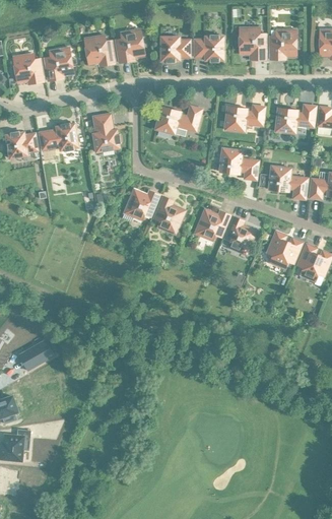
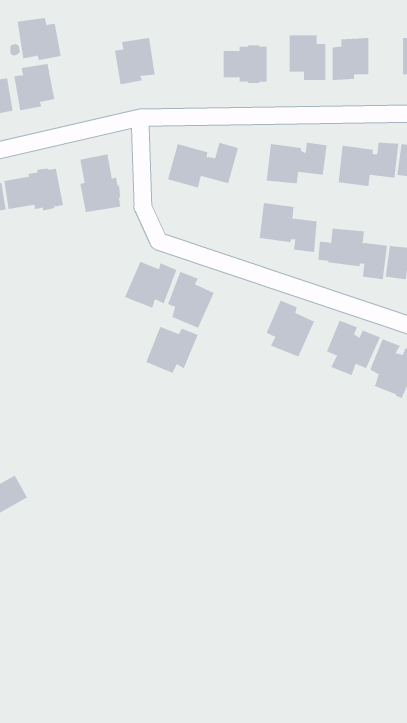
building: [83,35,115,65] -> [17,17,61,60]
building: [157,35,191,62] -> none
building: [193,207,230,241] -> [145,326,199,374]

